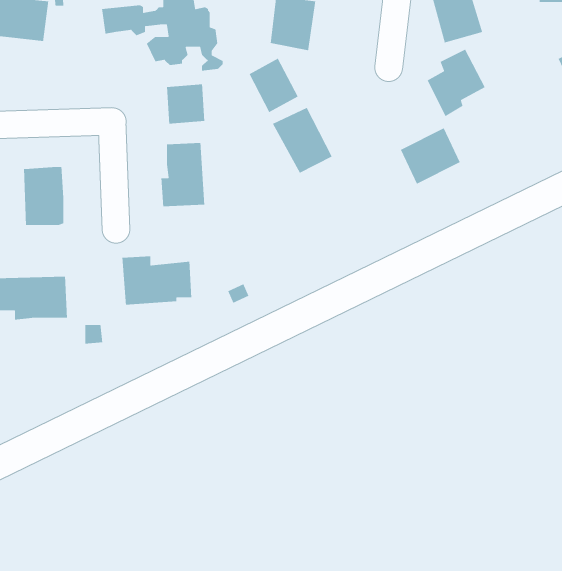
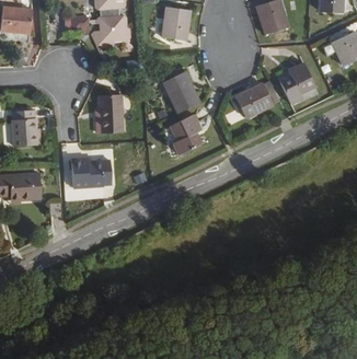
building: [426,49,486,117] -> [281,63,316,104]
building: [248,57,299,113] -> none
building: [166,84,205,124] -> none
building: none -> [172,114,204,154]

